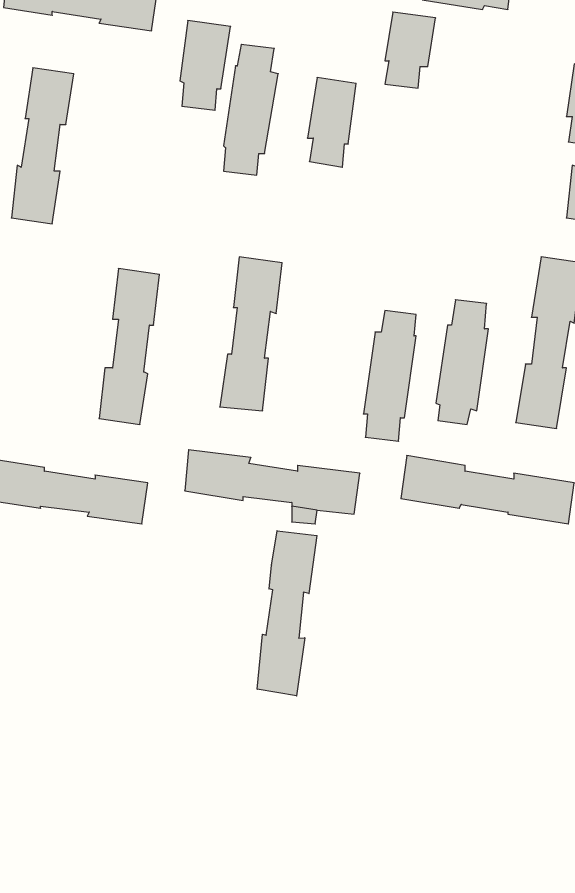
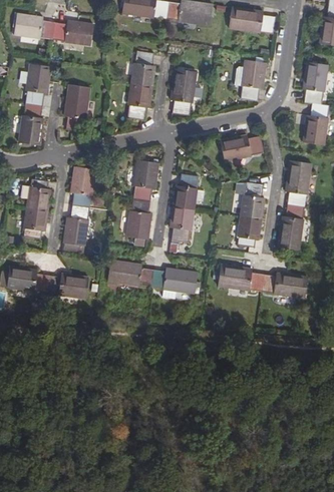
building: [385,12,436,88] -> [241,61,267,100]
building: [180,21,231,110] -> [64,84,90,130]
building: none -> [221,135,264,160]
building: none -> [20,178,50,237]
building: [363,311,416,441] -> [170,175,197,242]
building: [257,531,317,696] -> none

